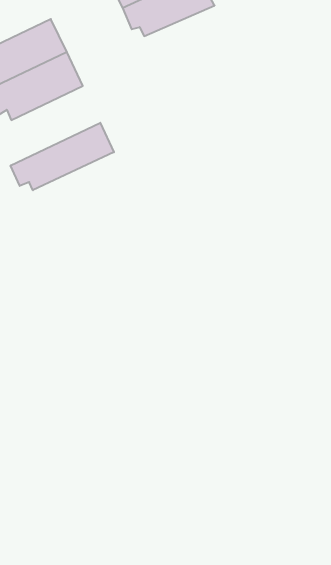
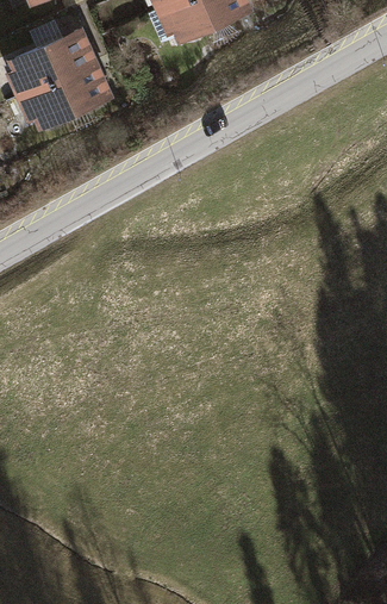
building: [11,123,114,190] -> none

